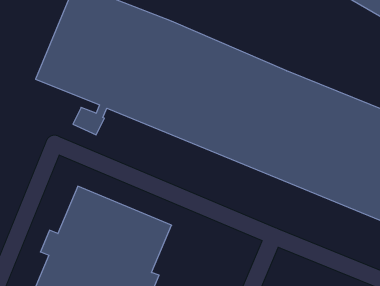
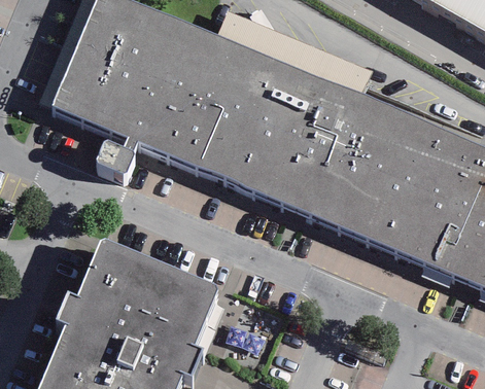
building: none -> [217,13,370,96]

